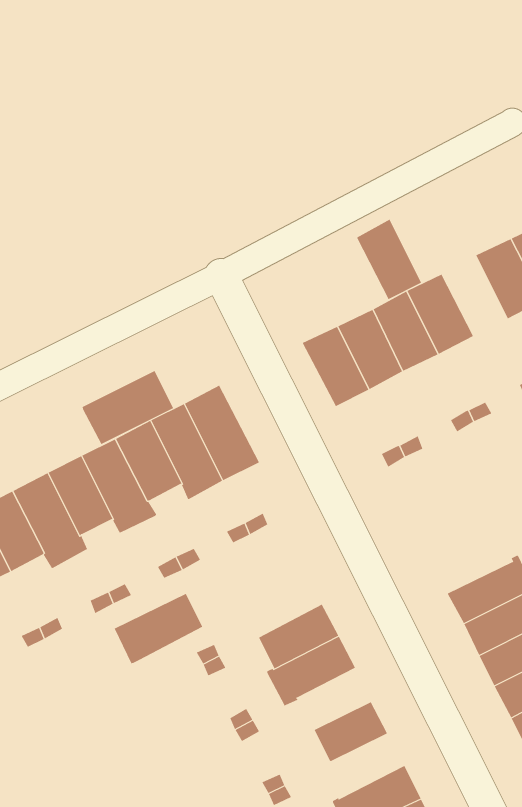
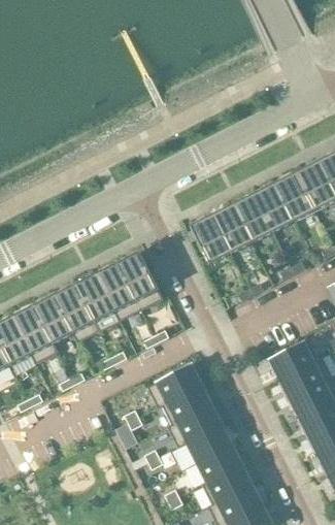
building: [356,219,422,300] -> [275,171,315,221]
building: [82,370,174,445] -> none
building: none -> [269,339,319,379]
building: [114,593,203,664] -> [147,364,202,407]
building: none -> [187,424,232,462]
building: none -> [202,464,253,504]

